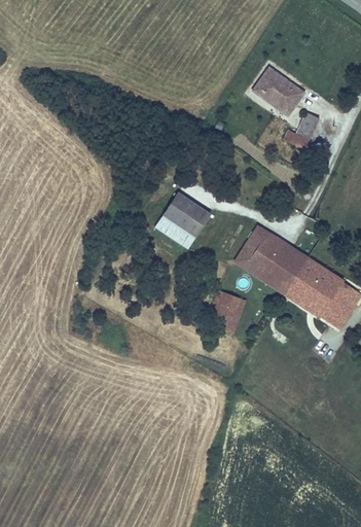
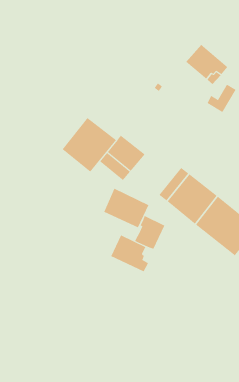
building: none -> [62,117,117,172]
building: none -> [104,188,149,228]
building: none -> [111,235,149,272]

